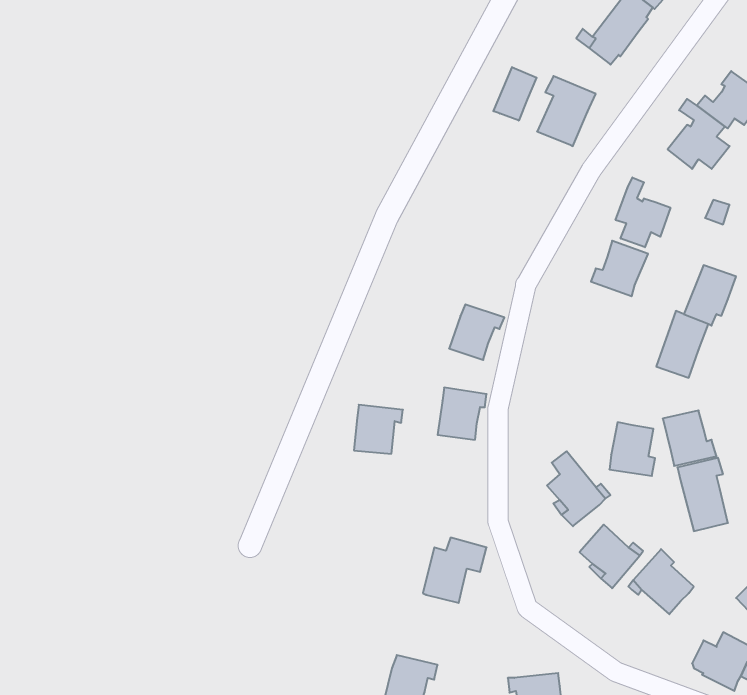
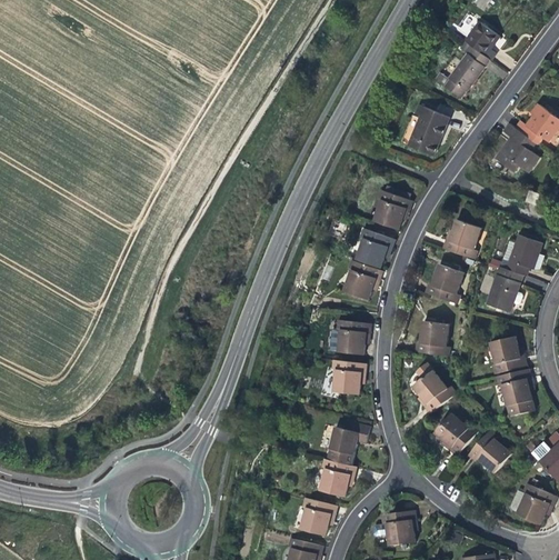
building: [493,67,537,121] -> none
building: [616,177,670,247] -> none
building: none -> [373,192,410,229]
building: none -> [357,231,395,268]
building: none -> [428,261,462,302]
building: [354,405,403,454] -> [332,360,366,393]
building: [609,422,655,476] -> [419,319,450,356]
building: none -> [321,460,358,498]

